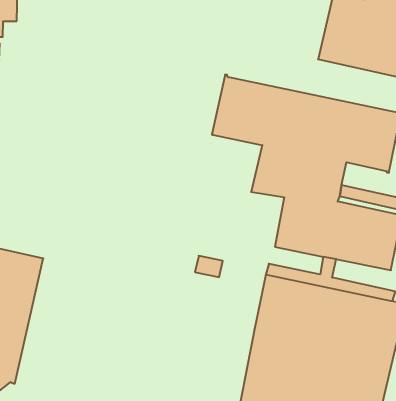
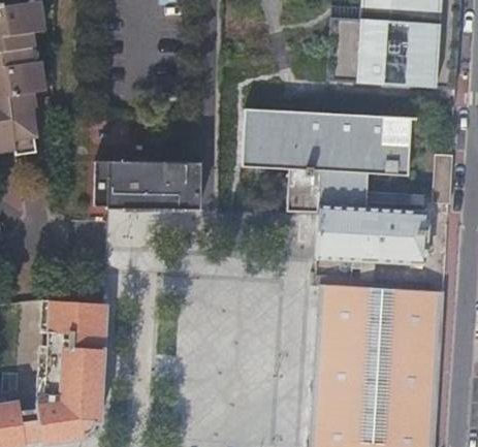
building: none -> [95,160,200,210]

